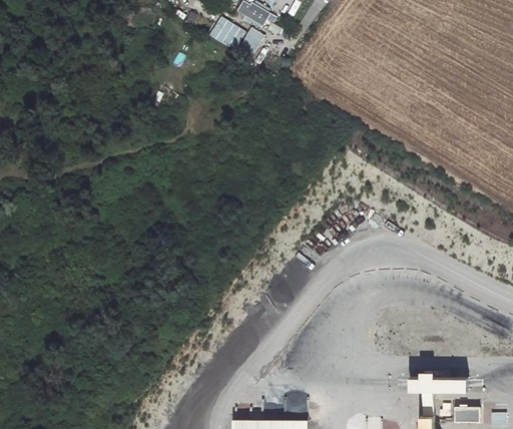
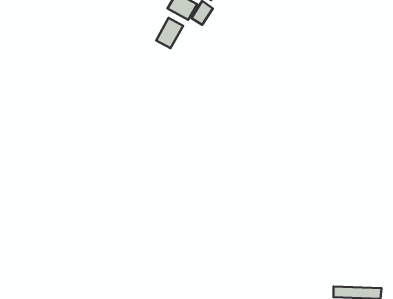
building: none -> [156,18,183,48]

